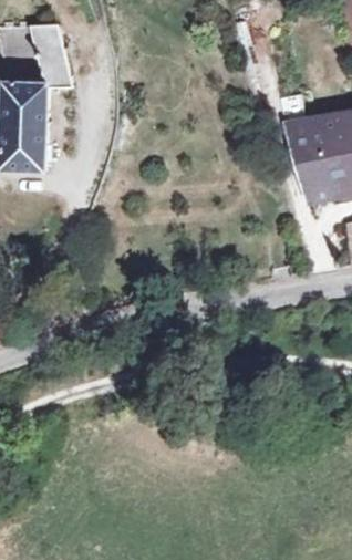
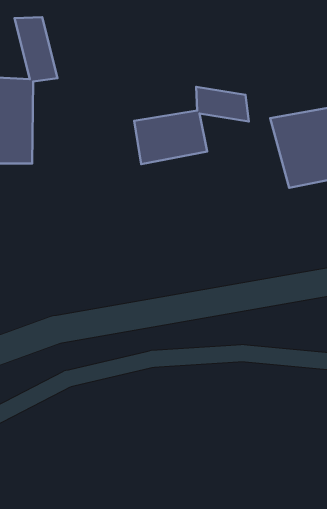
building: none -> [134,87,249,164]

